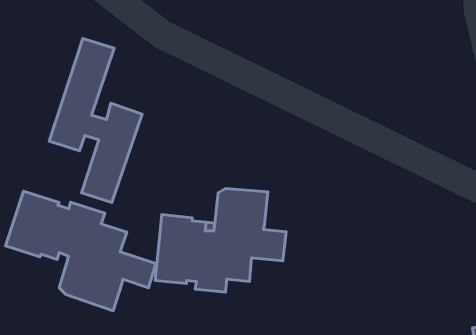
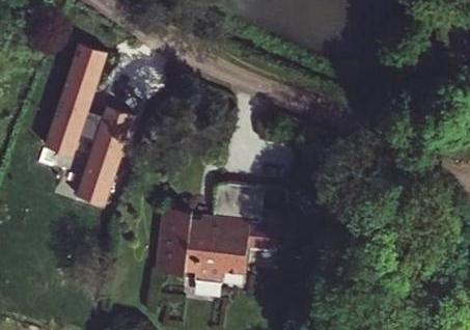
building: [6,191,156,311] -> none

